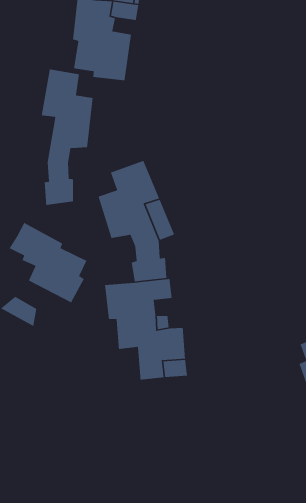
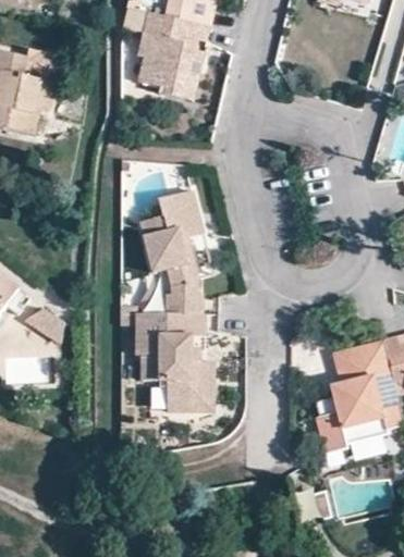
building: [41,69,93,206] -> none
building: [9,222,87,304] -> none

